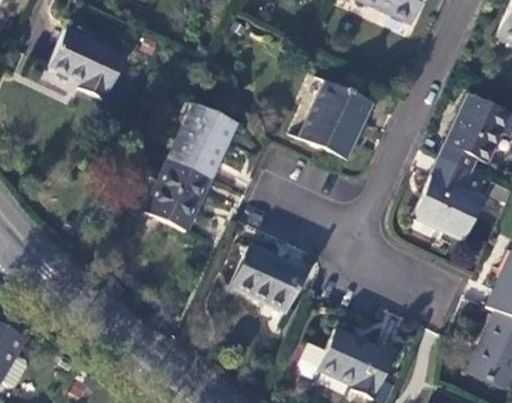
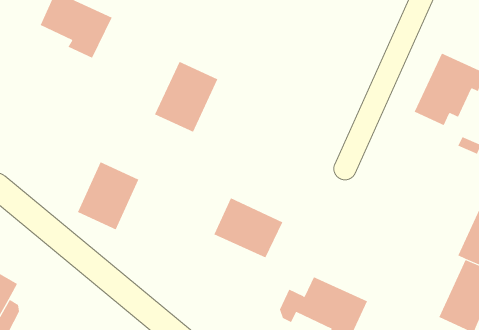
building: [299,81,371,156] -> none
building: [413,157,482,240] -> none
building: [144,160,209,232] -> [77,162,139,230]

